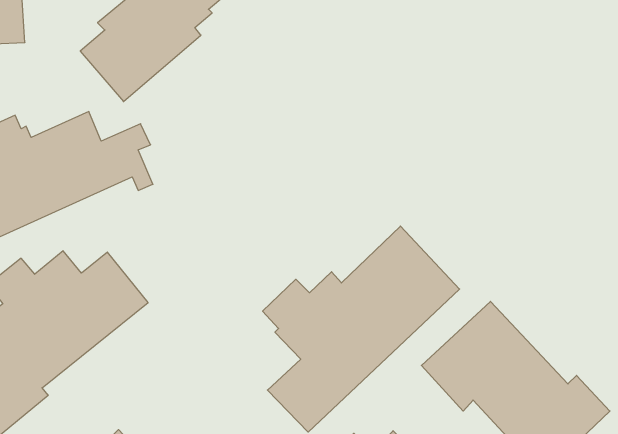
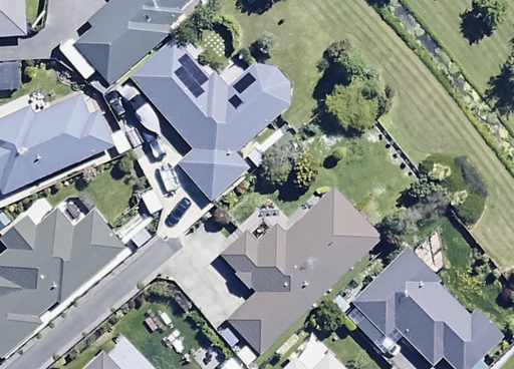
building: none -> [126,36,290,203]

